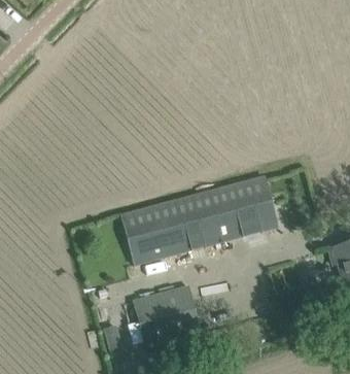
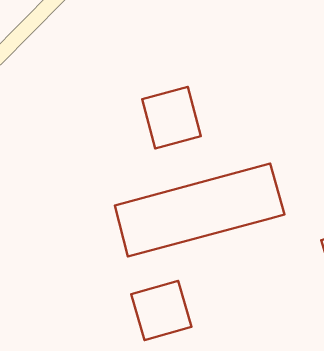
building: none -> [142,87,201,148]

